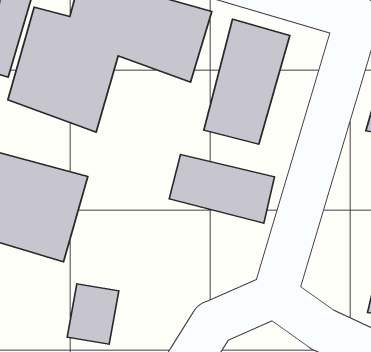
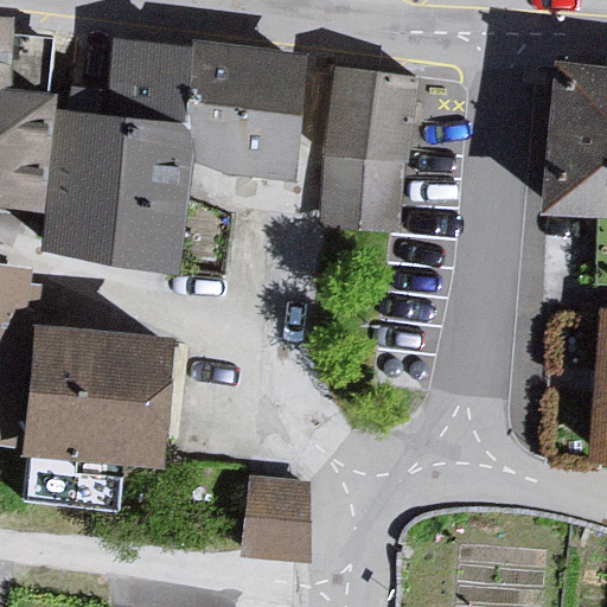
building: [169,155,275,223] -> none
building: [67,284,119,344] -> [248,479,309,556]

